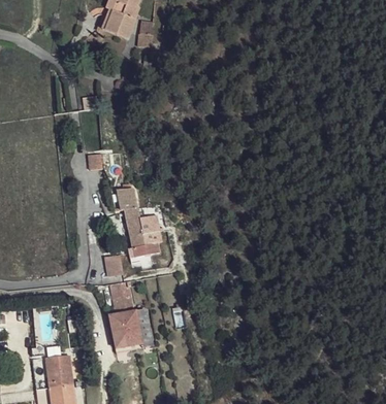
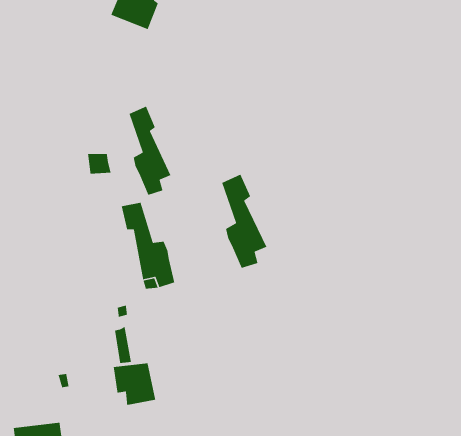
building: none -> [128,105,172,196]
building: none -> [221,174,267,269]

